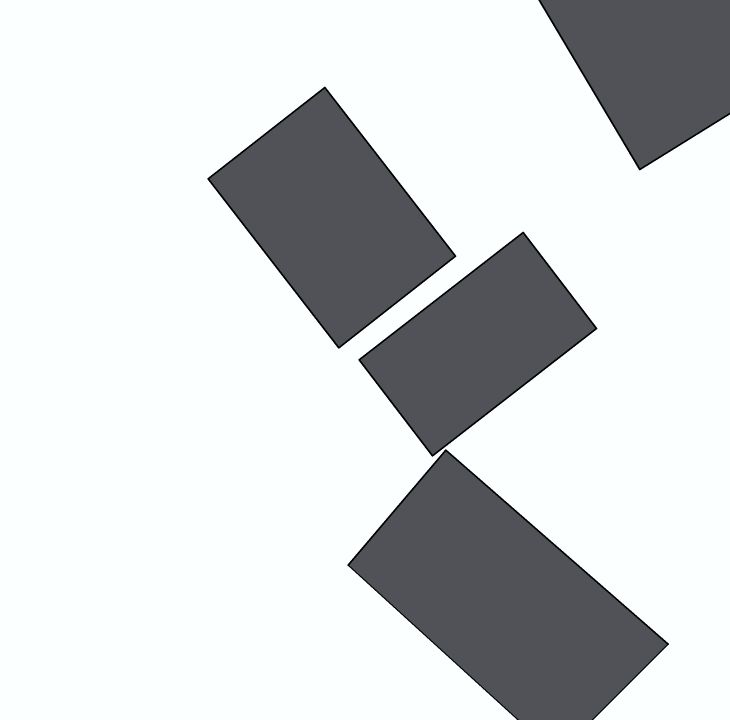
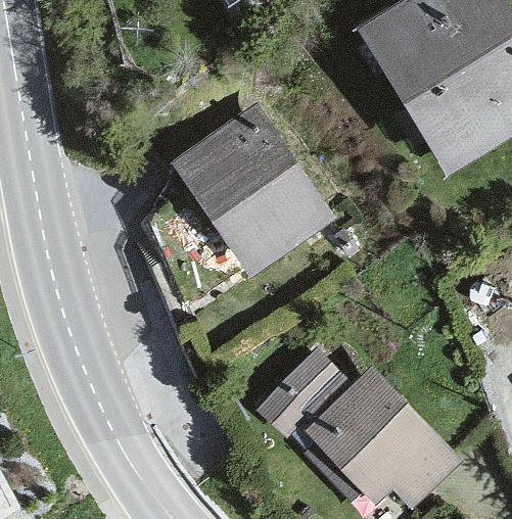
building: [359,233,597,456] -> none

